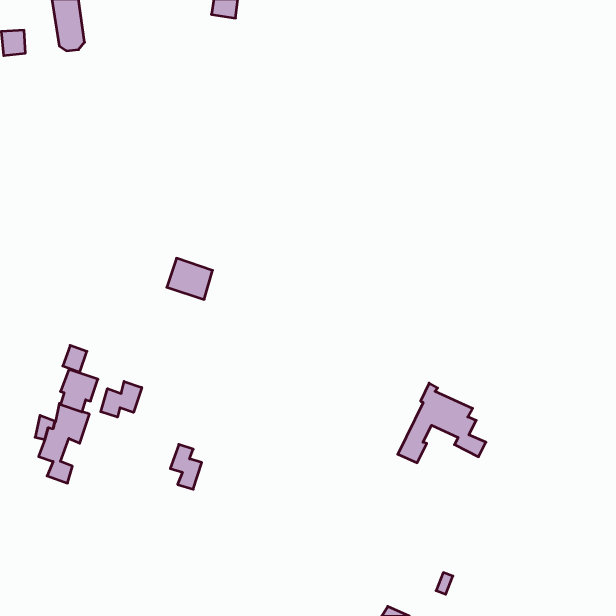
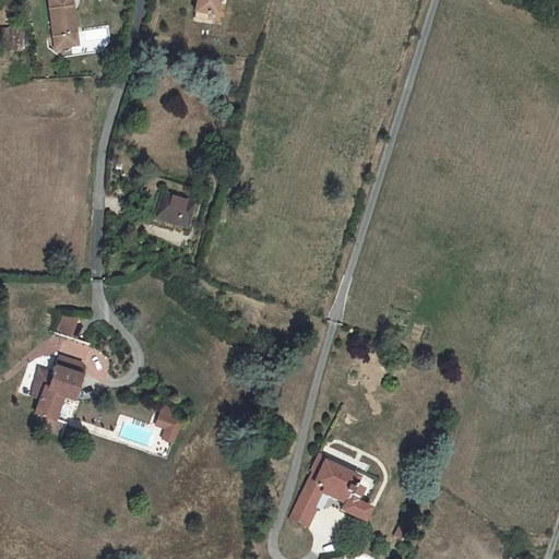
building: [167,258,213,299] -> [154,191,195,228]
building: [101,381,142,417] -> none
building: [398,383,486,463] -> [290,453,370,525]

